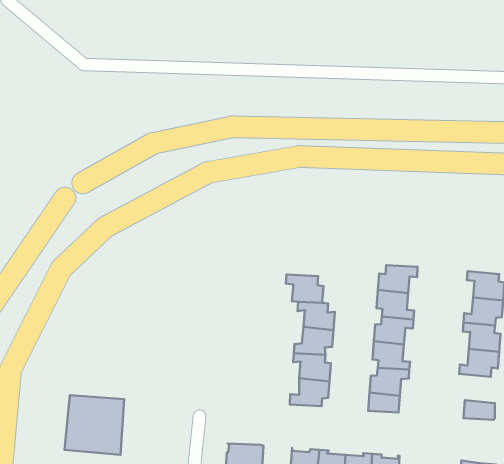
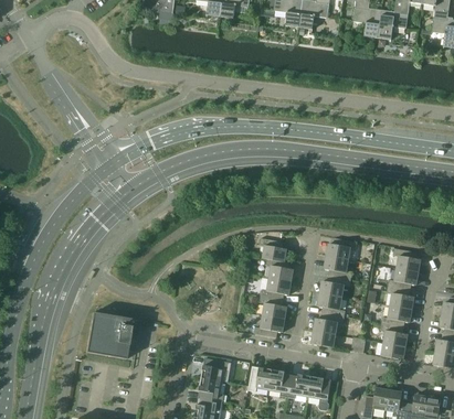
building: none -> [379,323,407,347]

